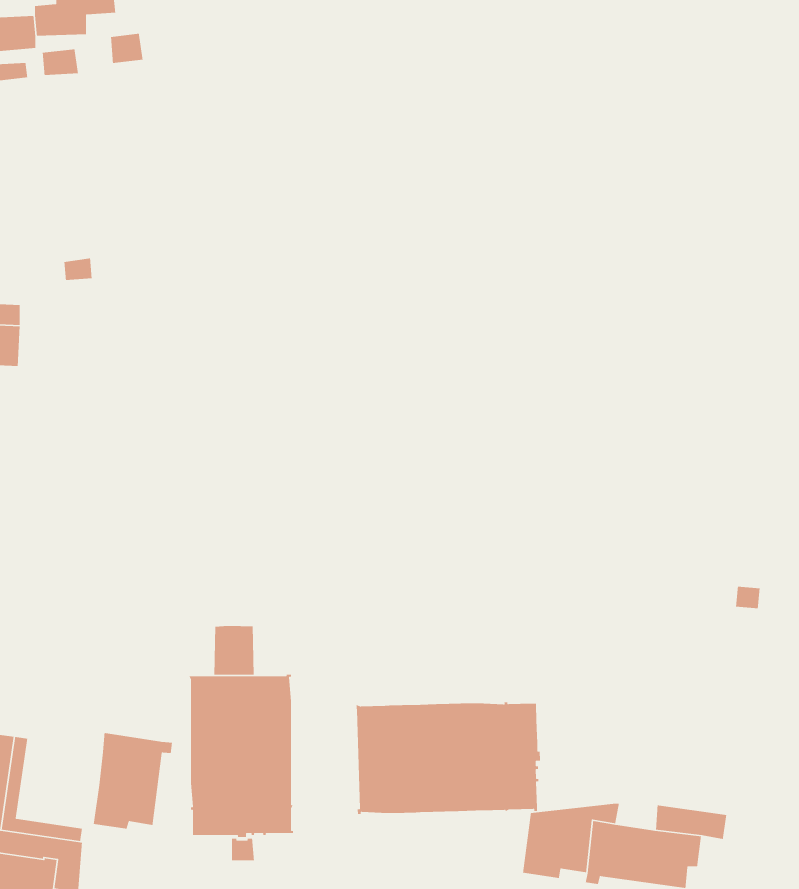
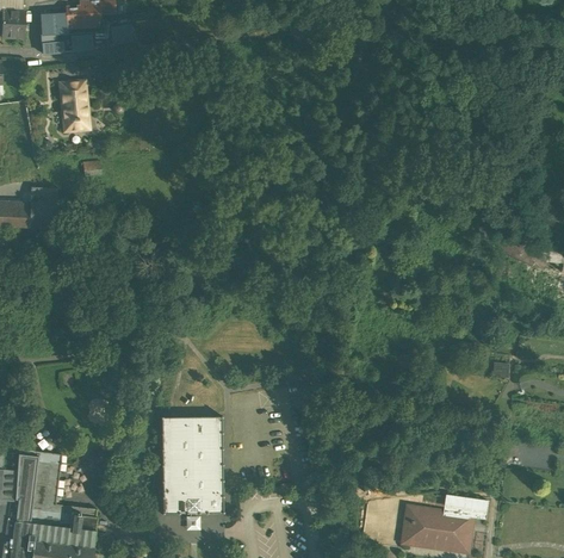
building: none -> [60,83,87,132]
building: [213,625,254,676] -> none
building: [356,701,541,815] -> none
building: [93,732,173,830] -> none

